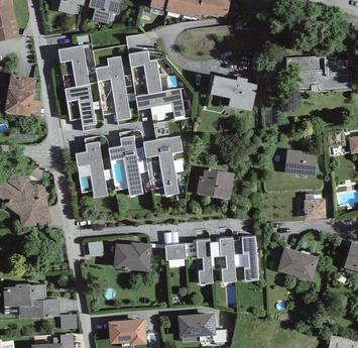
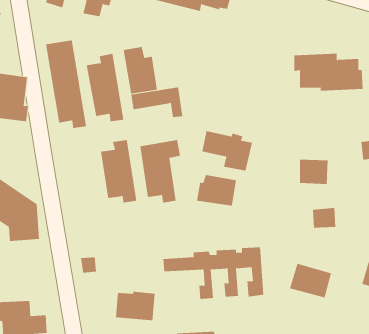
building: [209,72,256,109] -> [201,131,253,171]
building: [75,141,107,196] -> none
building: [114,241,151,268] -> [115,291,155,321]

